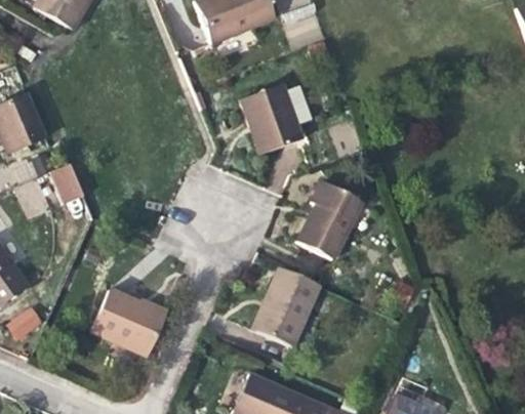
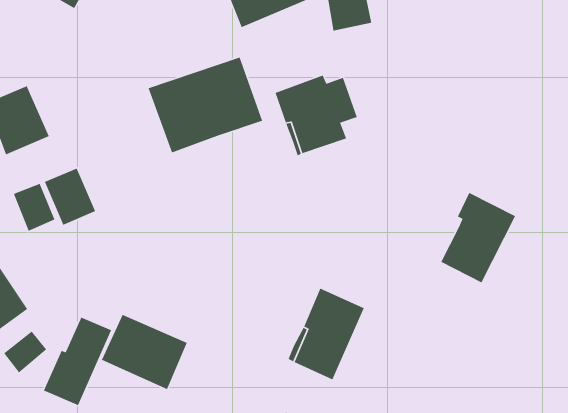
building: none -> [147,57,263,154]
building: [297,180,363,259] -> [440,192,516,284]
building: none -> [43,317,112,406]

